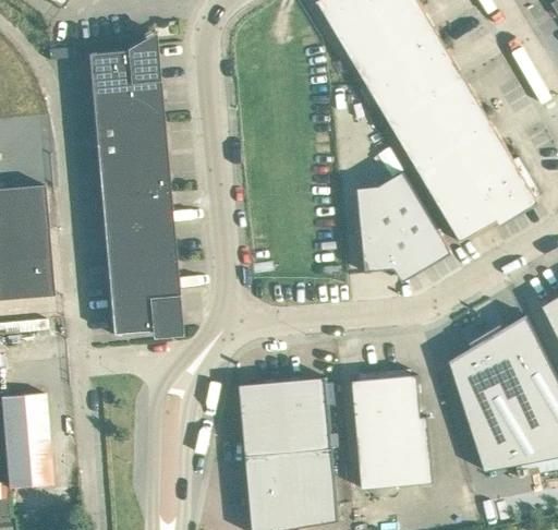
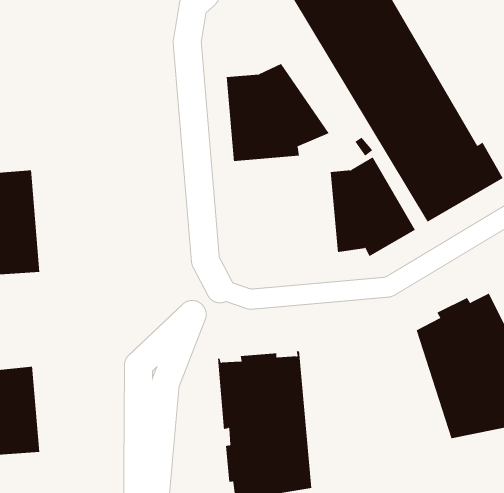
building: [86,33,181,339] -> none
building: none -> [226,63,329,162]
building: [351,370,434,490] -> none

